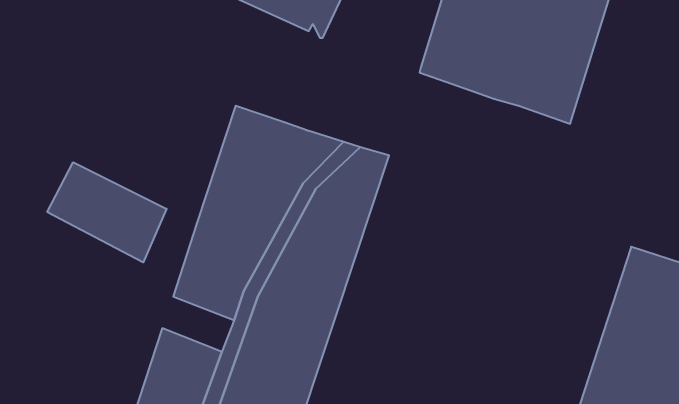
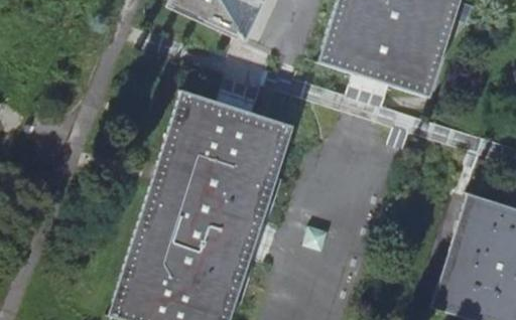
building: [47,162,167,262] -> none
building: none -> [129,226,181,267]

